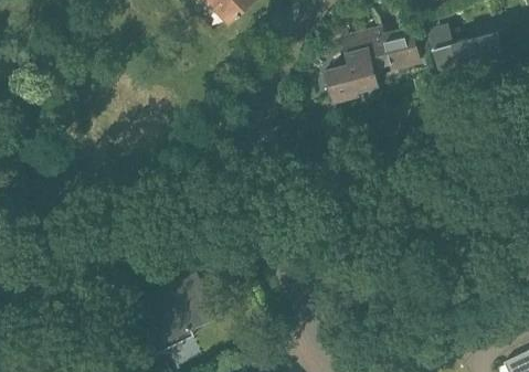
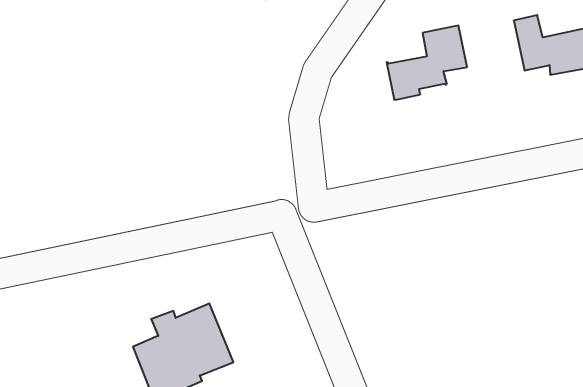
building: [384,31,420,71] -> none

